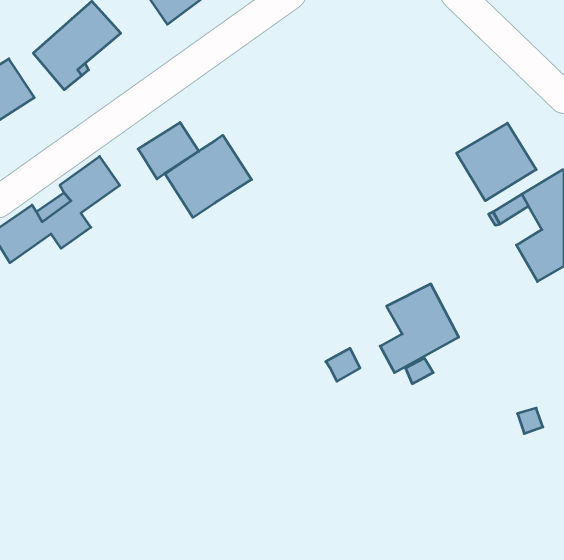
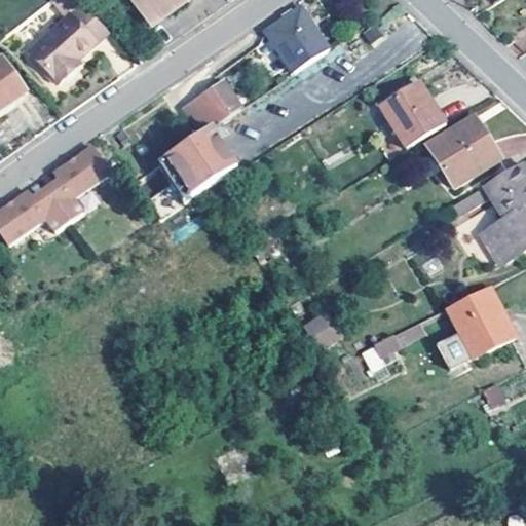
building: none -> [264,5,326,71]
building: none -> [375,80,443,145]
building: [138,122,199,179] -> [182,78,238,130]
building: [380,284,459,373] -> [443,285,516,367]

